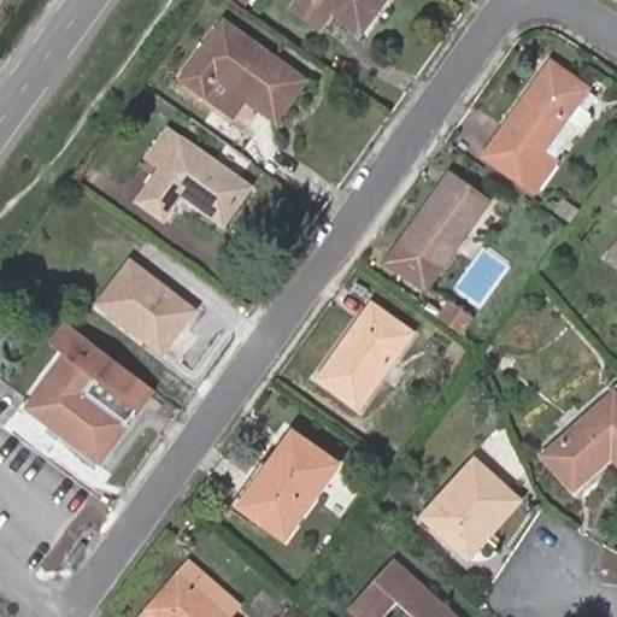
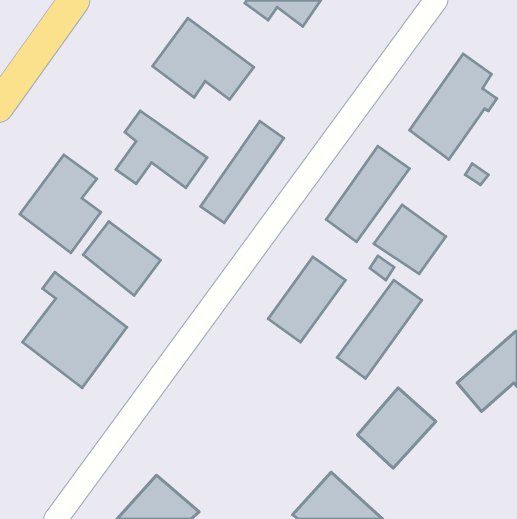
building: none -> [200,121,284,223]
building: none -> [20,155,101,253]
building: none -> [374,205,446,274]
building: none -> [337,280,422,378]
building: [241,437,334,536] -> none

